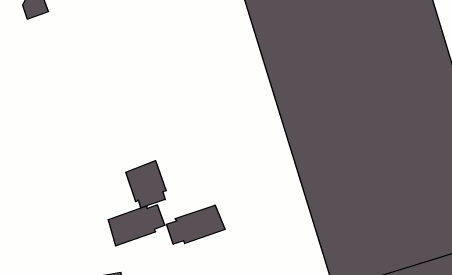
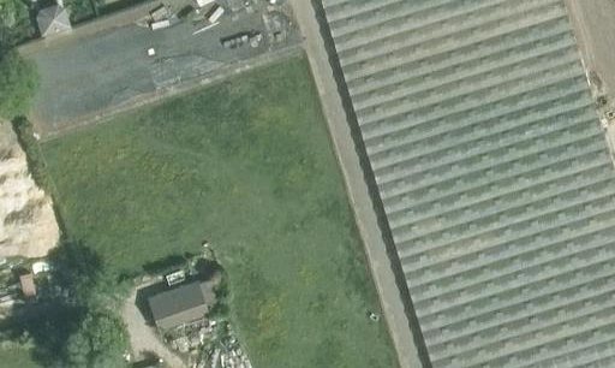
building: [126,161,166,208] -> none
building: [167,205,225,244] -> none

